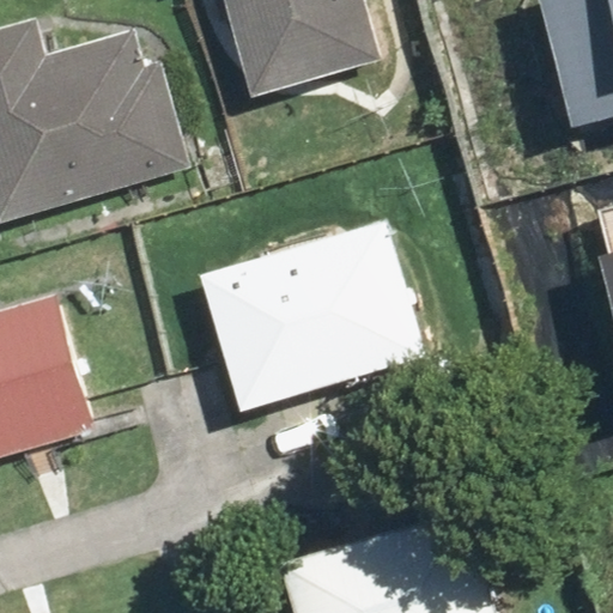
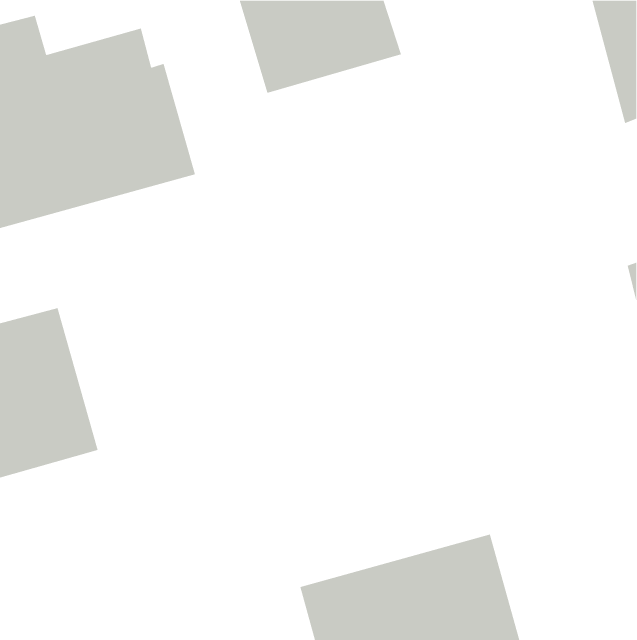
building: [199,219,423,411] -> none

